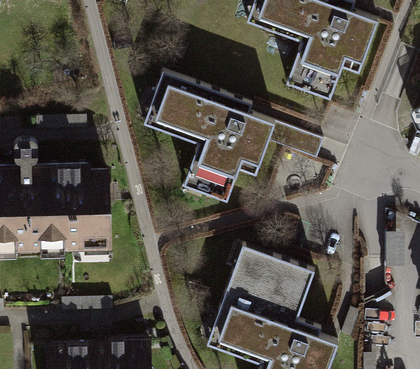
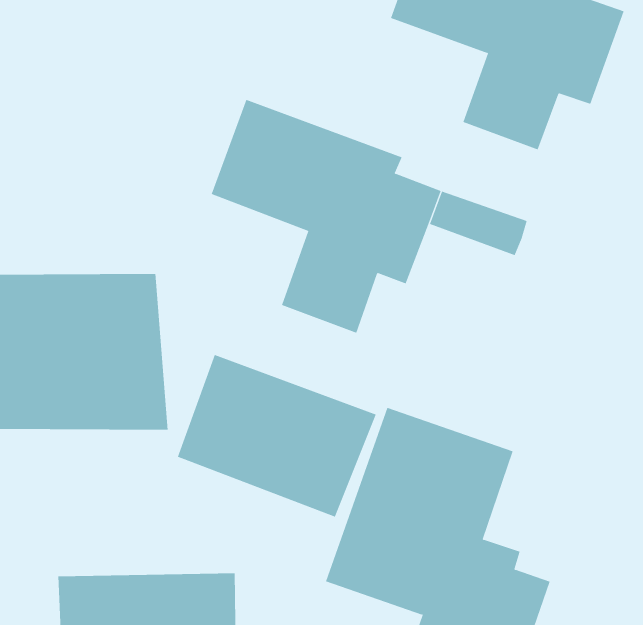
building: none -> [177,354,376,518]

